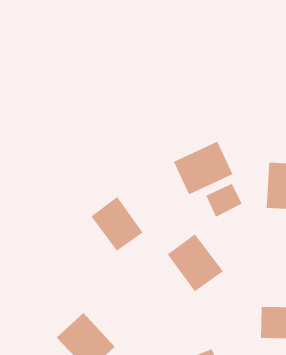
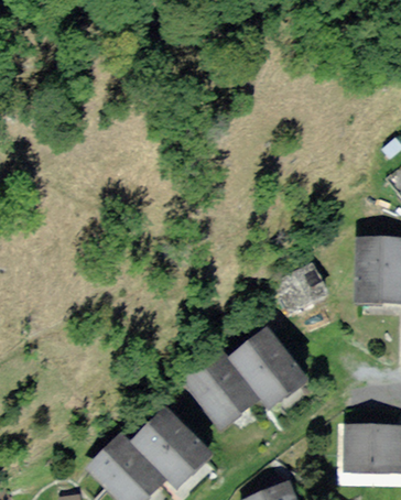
building: [173,141,233,195] -> none
building: [91,196,143,252] -> [184,351,253,424]
building: none -> [130,409,204,483]

